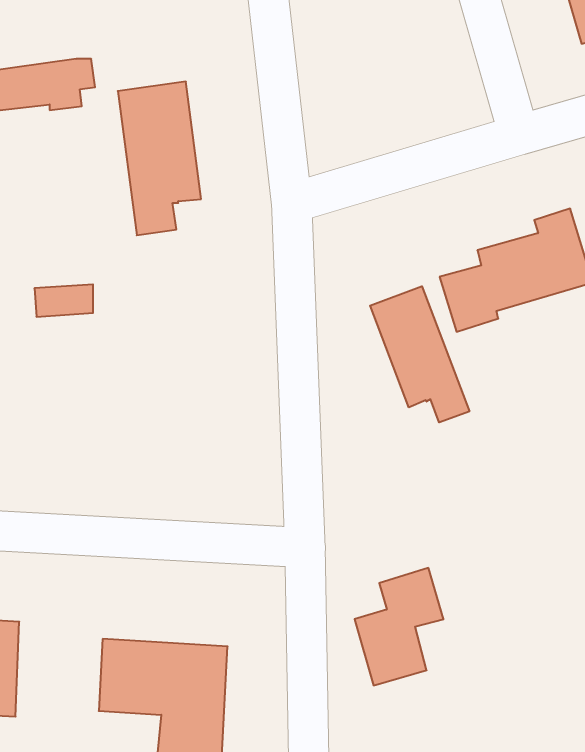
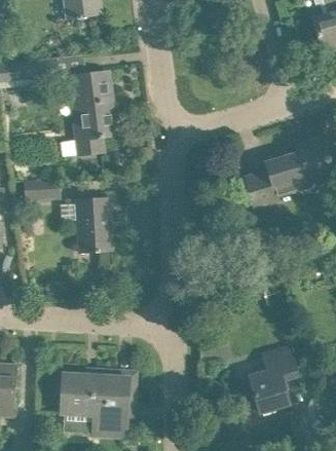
building: [370,286,469,422] -> none
building: none -> [77,197,112,252]
building: [355,568,444,685] -> [250,347,298,411]

